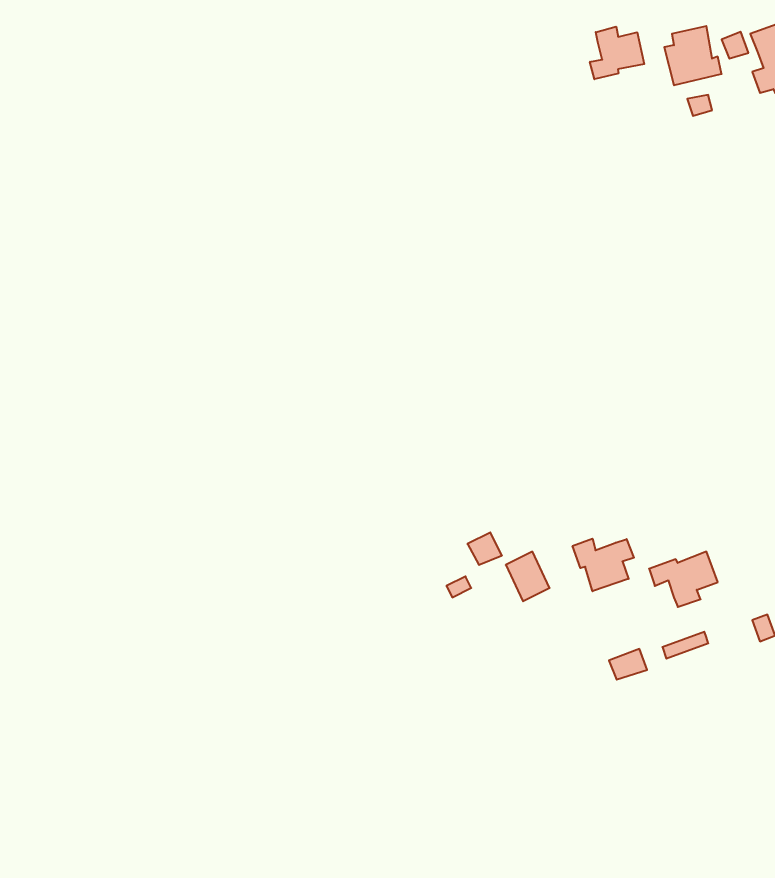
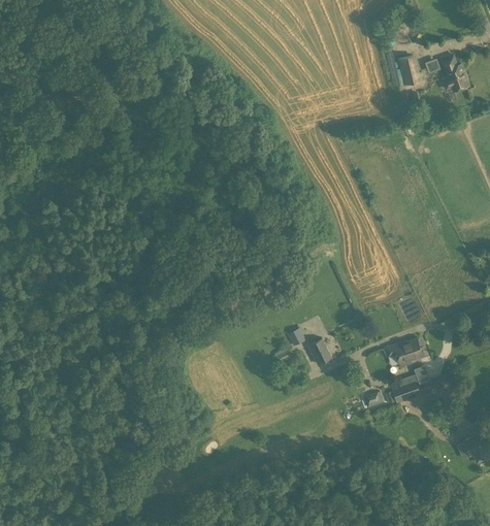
building: [590,27,644,79] -> none
building: [573,539,634,591] -> none

